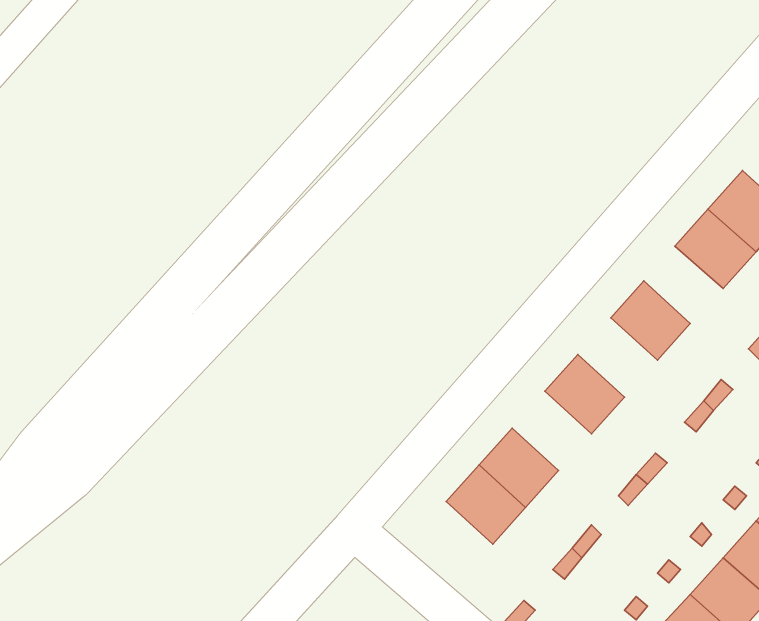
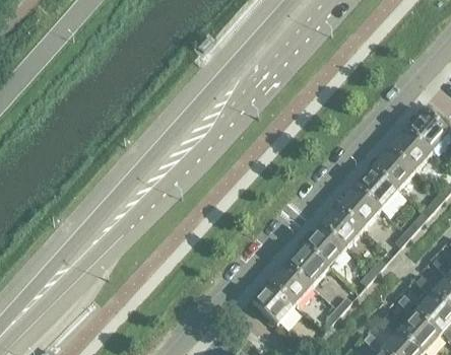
building: none -> [374,148,415,189]
building: none -> [339,186,381,227]
building: none -> [305,224,346,266]
building: none -> [252,282,295,324]

